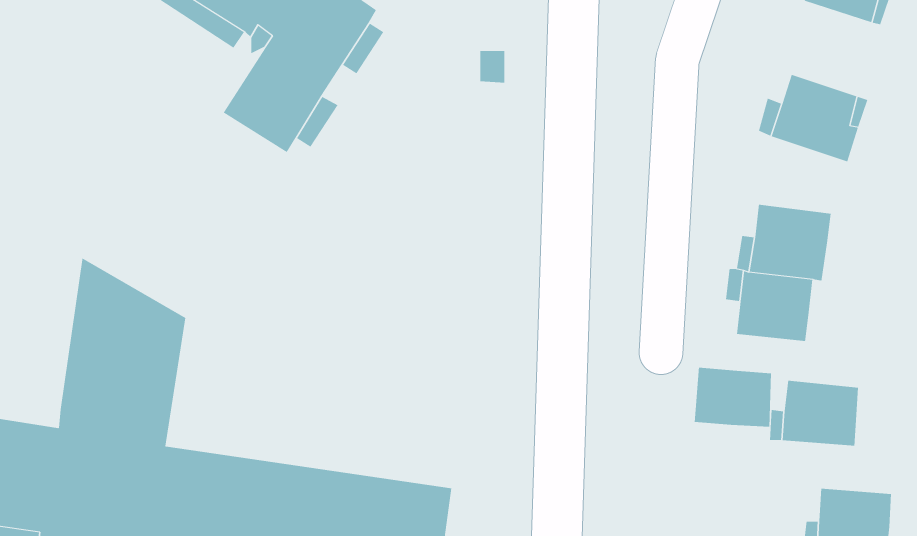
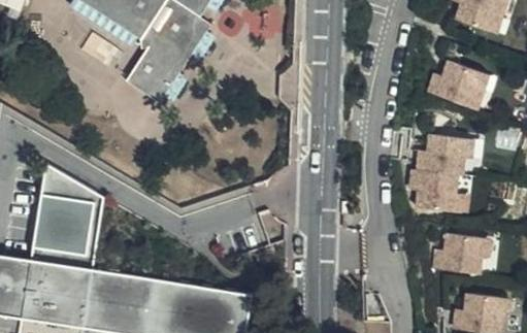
building: [694,367,772,428] -> none

